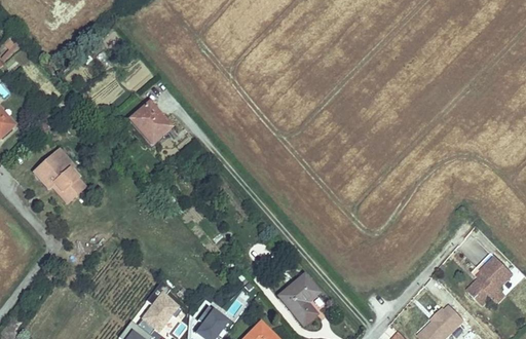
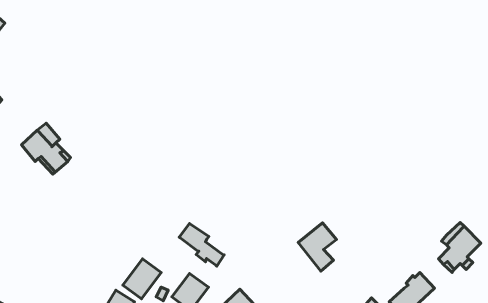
building: [128,102,170,143] -> none
building: none -> [179,223,224,266]
building: [278,275,318,326] -> [298,223,336,271]

